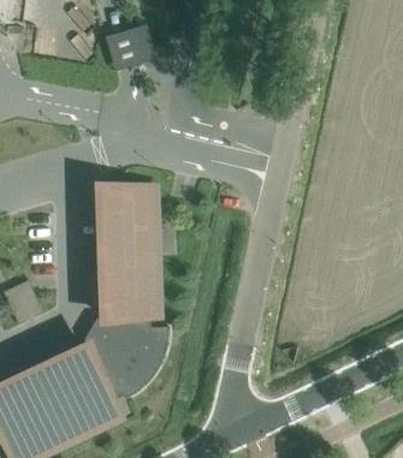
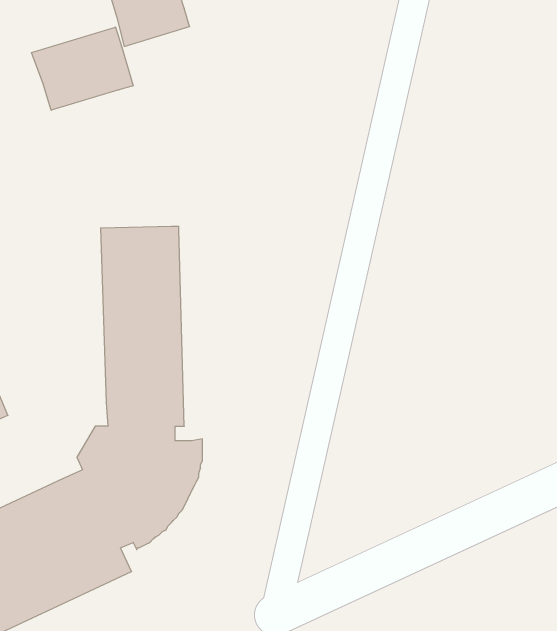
building: none -> [32,27,133,110]

